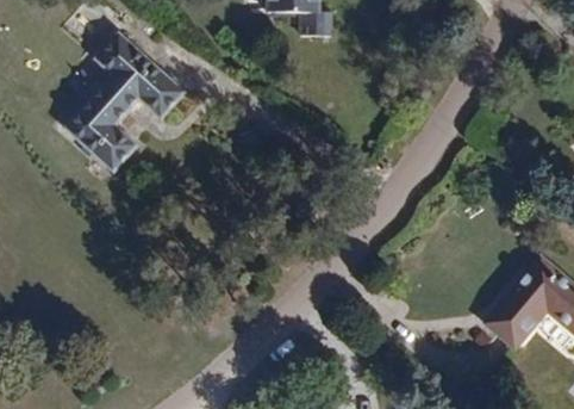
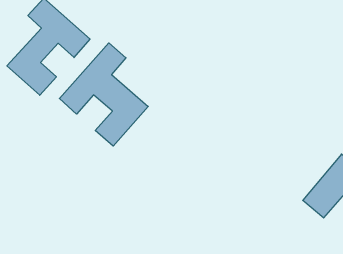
building: none -> [59,43,148,146]

